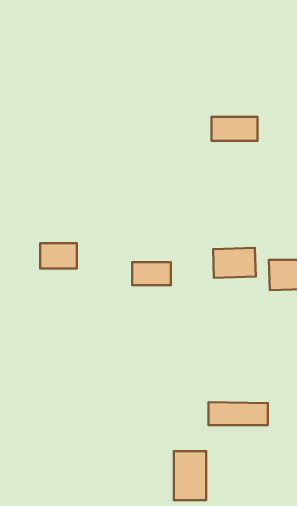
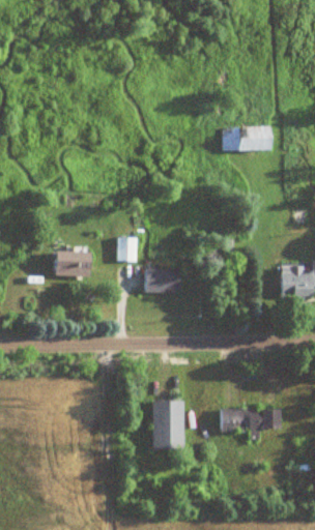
building: none -> [119,236,139,260]
building: [213,248,256,278] -> none
building: [174,451,206,500] -> [152,400,184,448]

